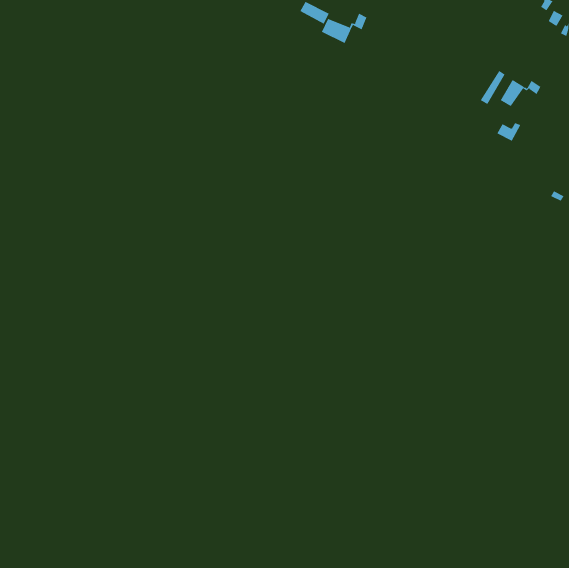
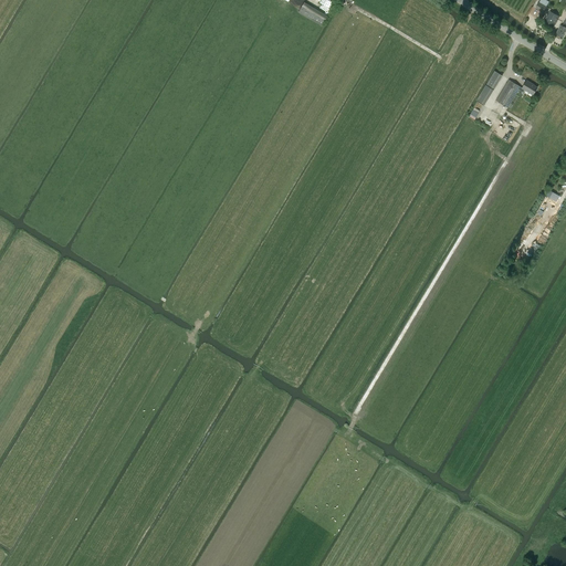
building: [321,13,367,44] -> none

